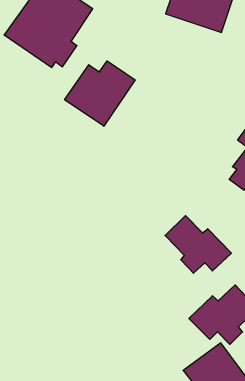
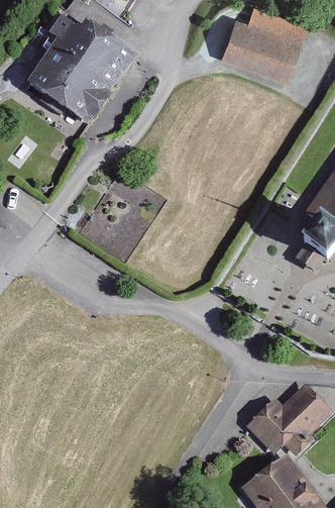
building: [65,61,135,126] -> none
building: [165,216,231,273] -> none

